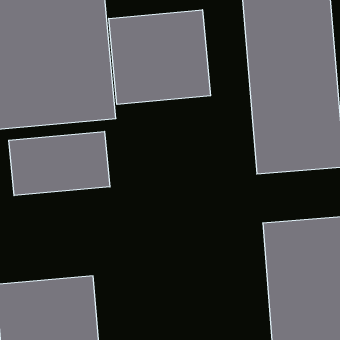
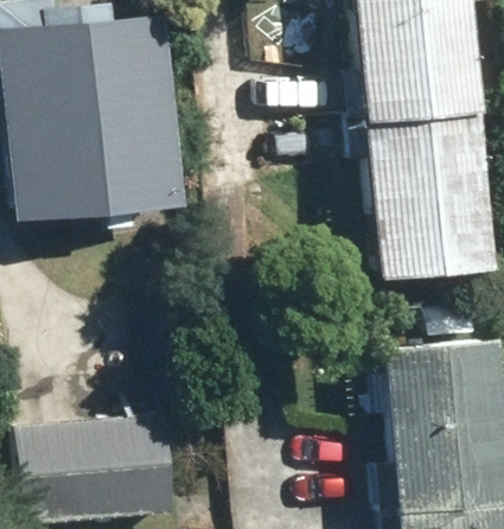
building: [109,10,211,104] -> none
building: [9,131,110,196] -> none

